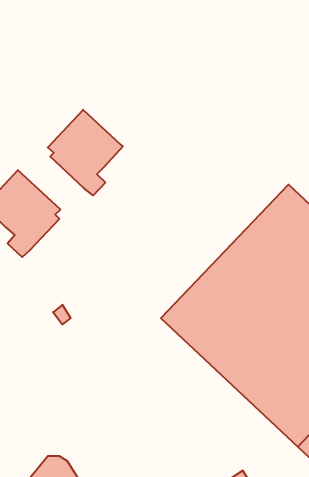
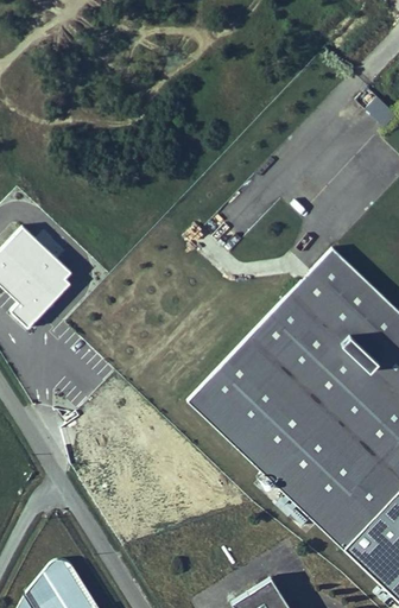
building: [48,110,123,195] -> none

